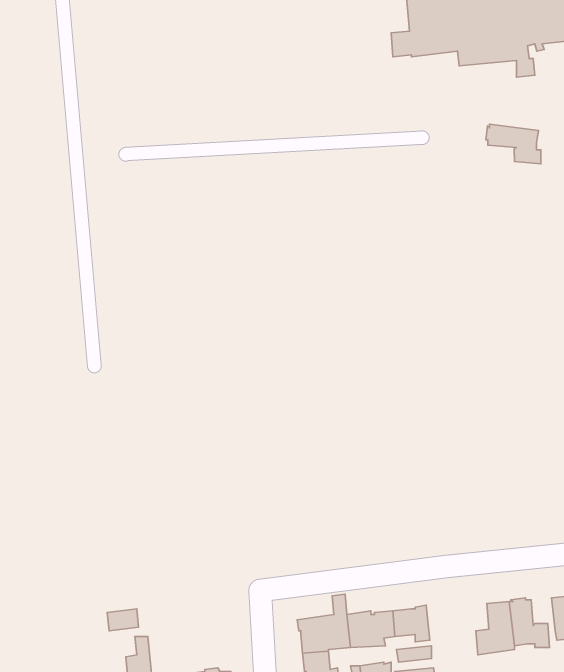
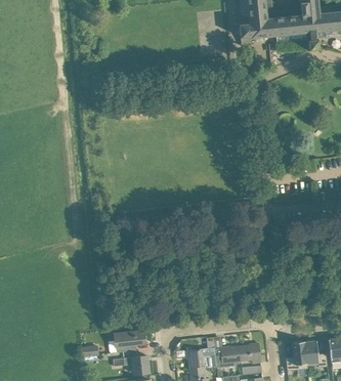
building: [486,124,541,164] -> none
building: none -> [108,330,145,353]
building: none -> [113,355,148,374]

